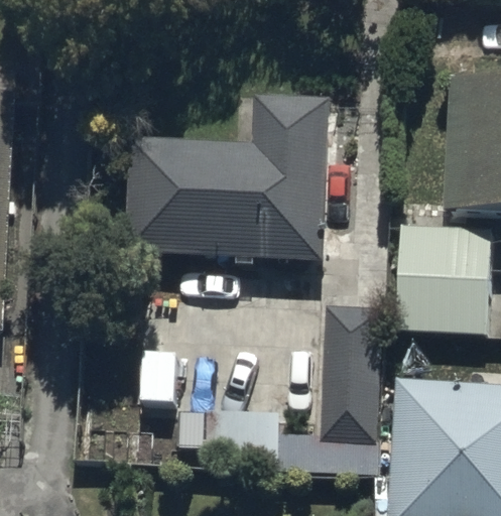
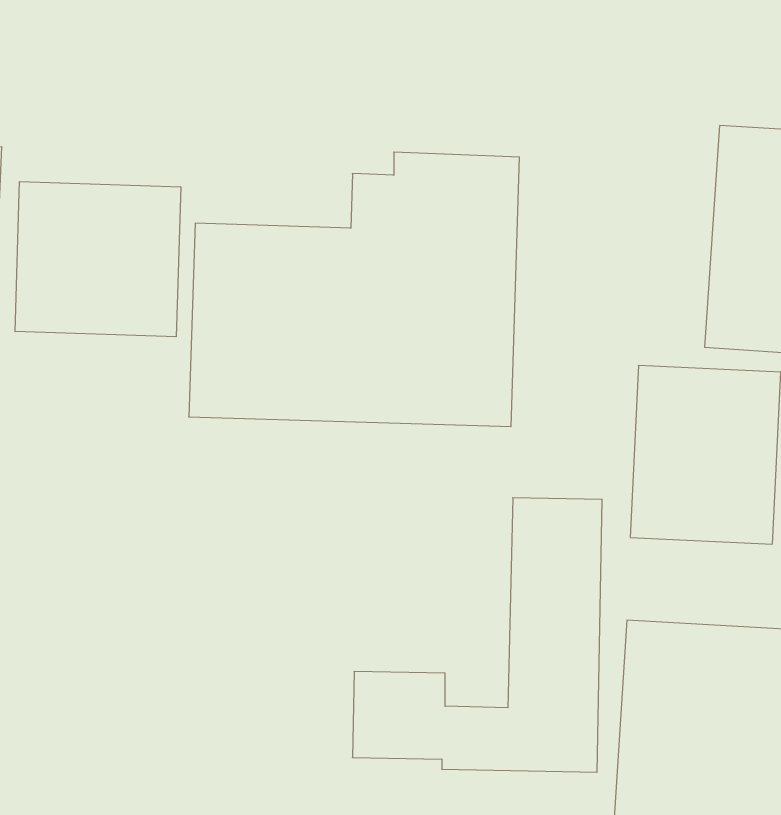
building: none -> [15,182,181,337]

